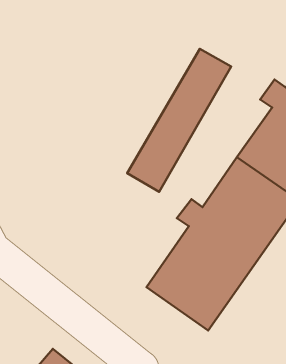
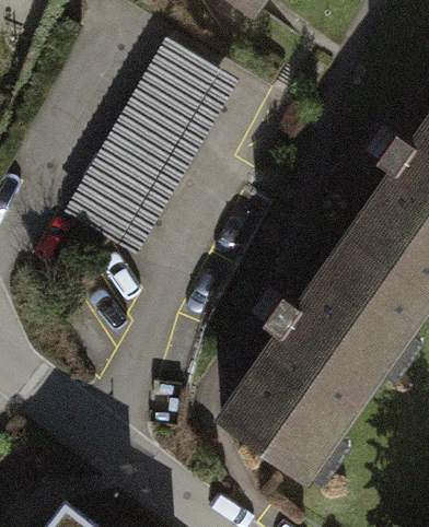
building: [127,49,231,192] -> [77,46,219,241]

